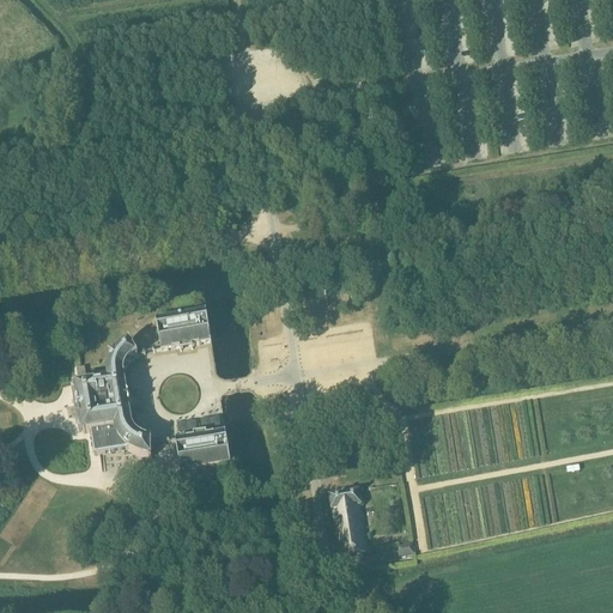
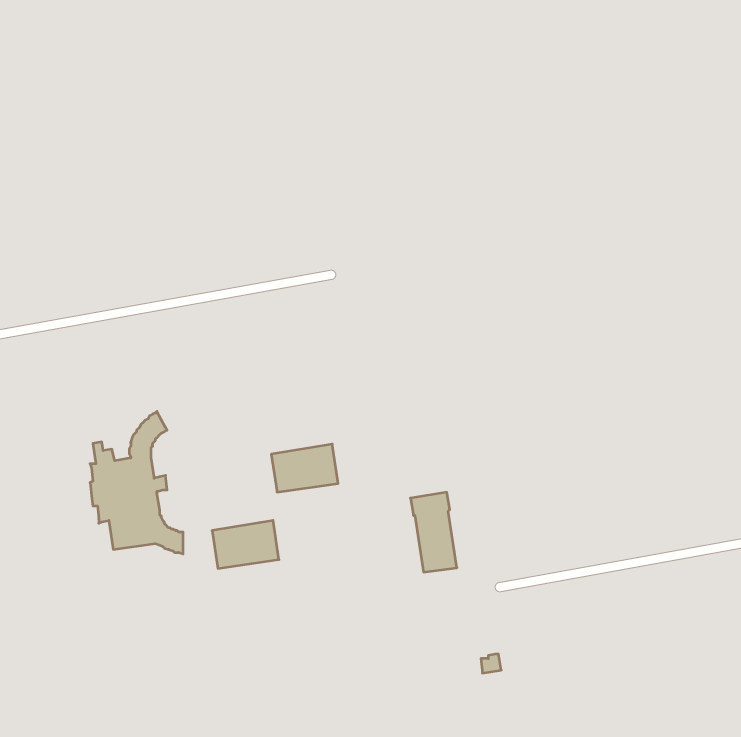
building: [156,308,211,347] -> [271,444,338,492]
building: [328,487,366,553] -> [410,492,457,572]

